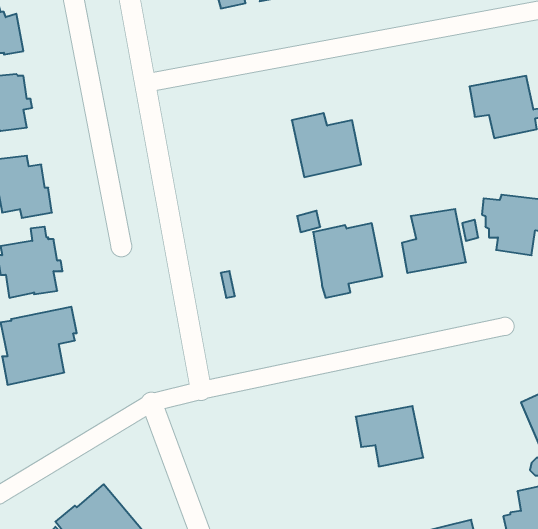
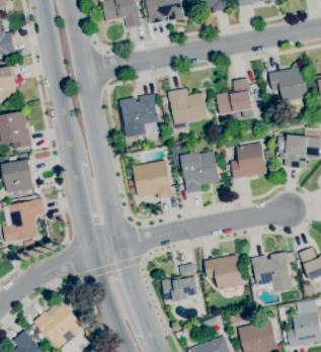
building: none -> [216,78,254,121]
building: none -> [119,93,159,138]
building: none -> [133,160,173,199]
building: none -> [251,252,295,292]
building: none -> [162,263,200,304]

